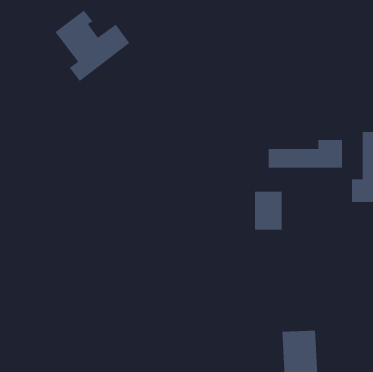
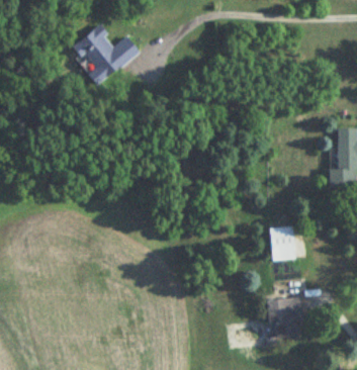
building: [268,139,342,169] -> none
building: [254,191,283,230] -> [270,226,294,260]

